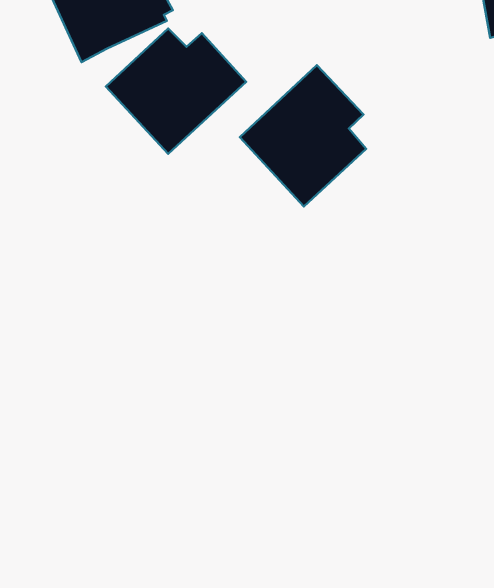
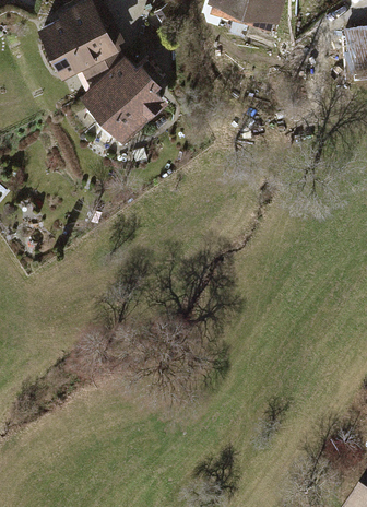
building: [240,65,366,207] -> none

